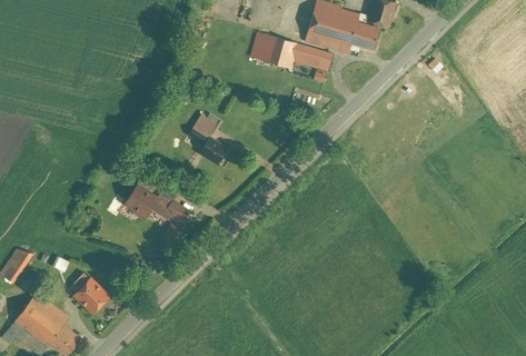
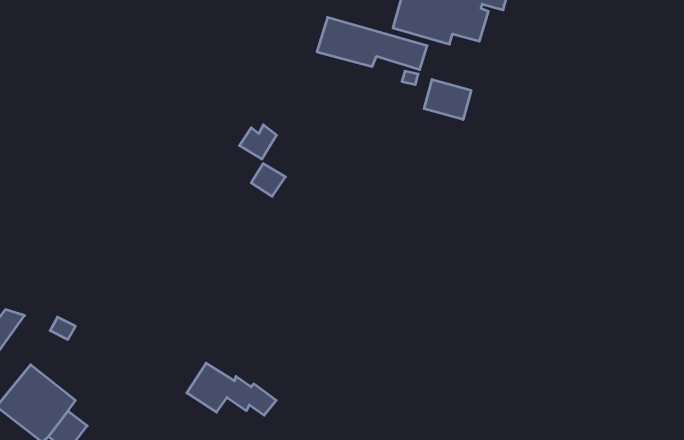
building: none -> [424,79,471,120]
building: [122,184,189,222] -> [187,363,276,415]
building: [70,275,109,314] -> none

